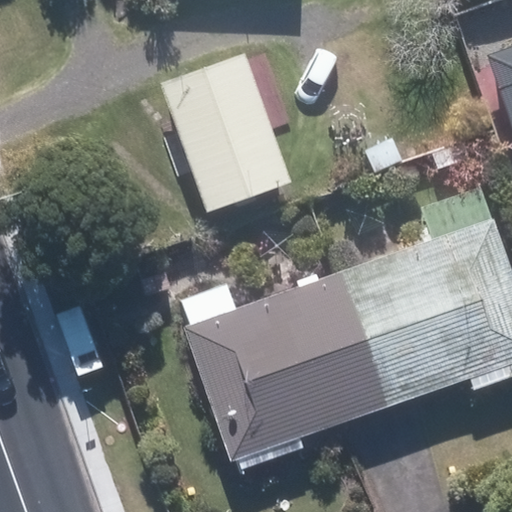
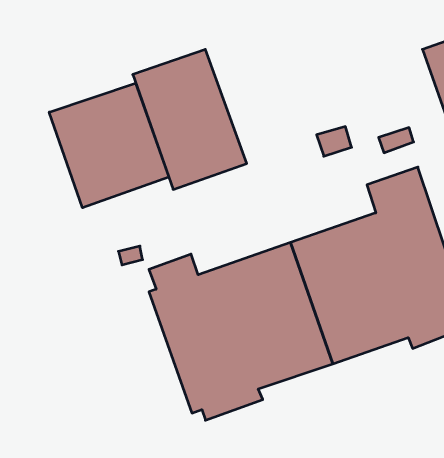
building: none -> [49,83,169,208]

